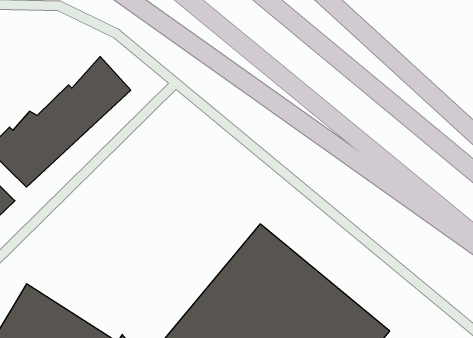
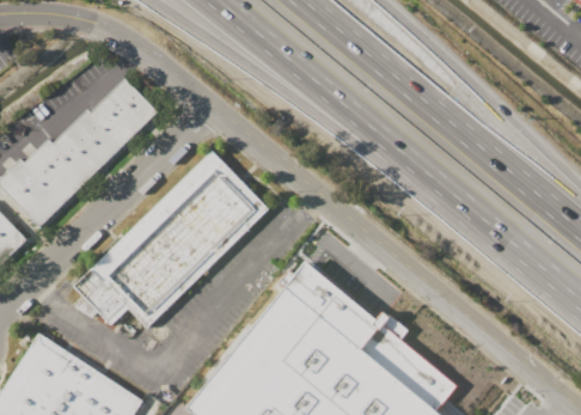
building: none -> [72,148,268,328]

